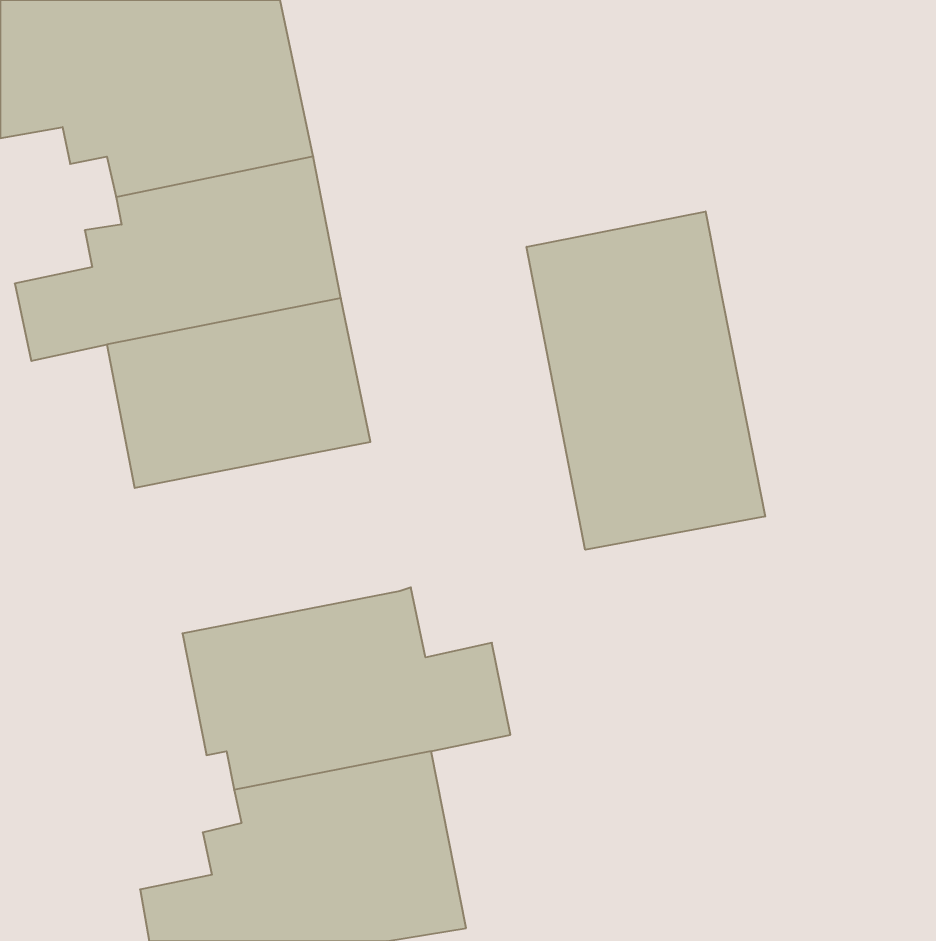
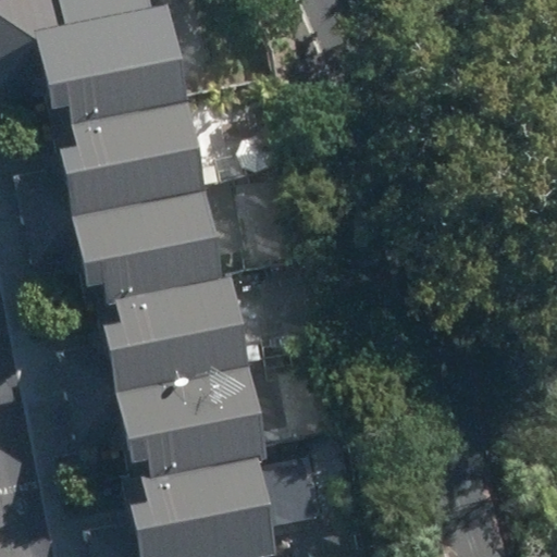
building: [527,211,765,550] -> none
building: none -> [58,260,274,383]

